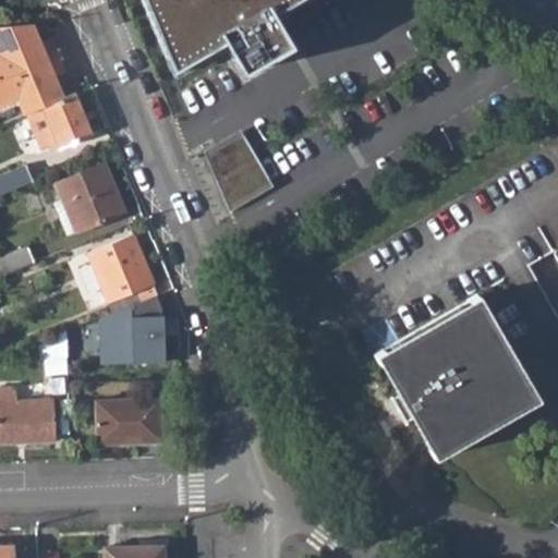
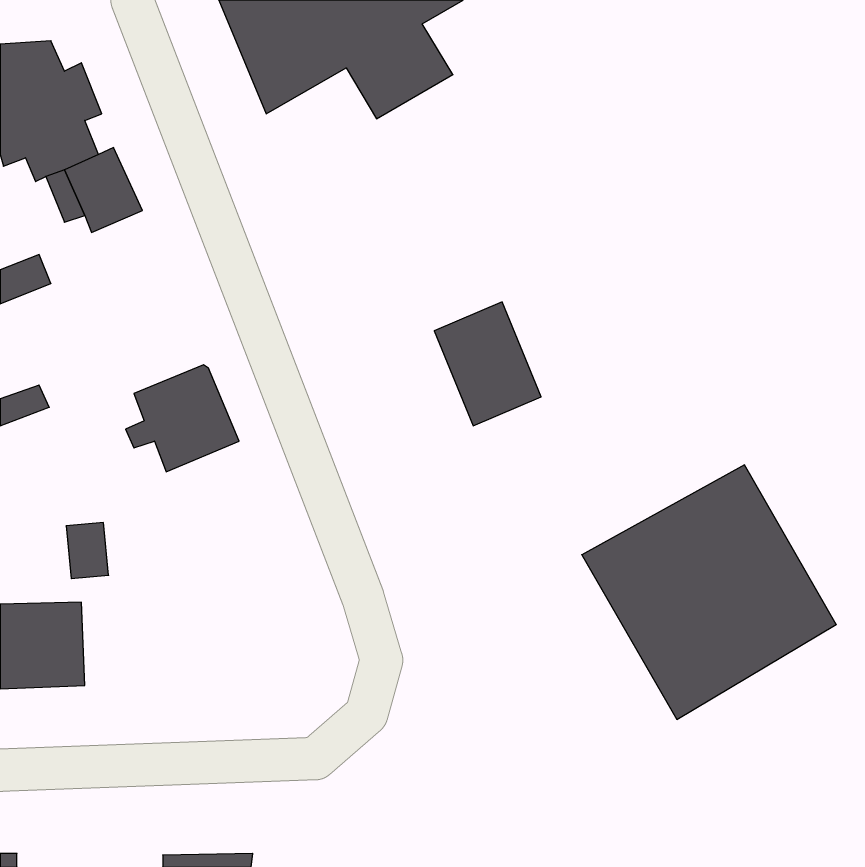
building: [205,128,274,207] -> [434,302,541,426]
building: [62,163,124,232] -> none
building: [101,295,174,366] -> none
building: [96,400,156,444] -> none

